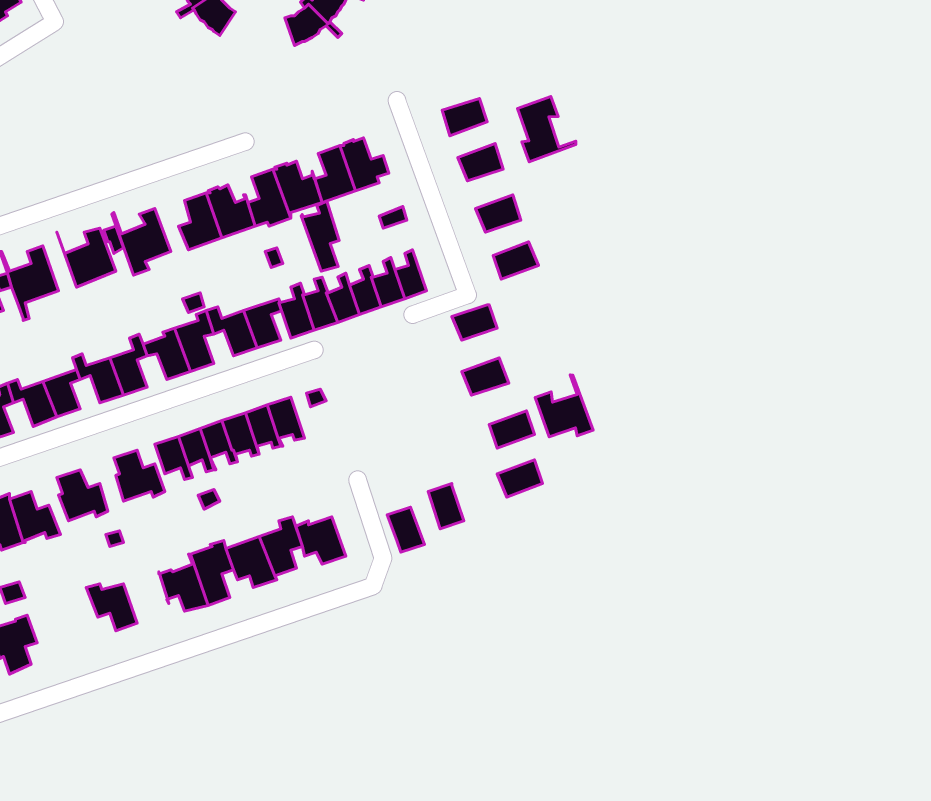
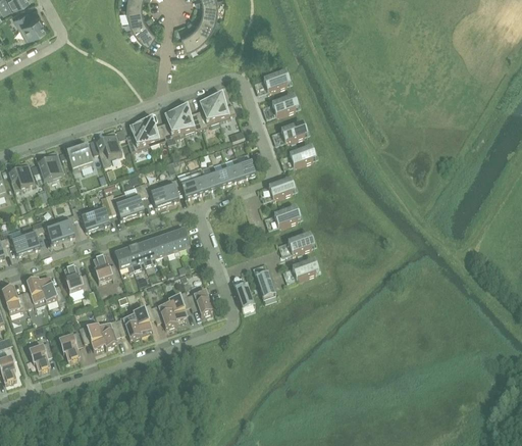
building: [517,97,576,162] -> none
building: [301,201,339,271] -> none
building: [535,375,593,437] -> none
building: none -> [98,317,121,347]
building: none -> [58,330,83,359]

